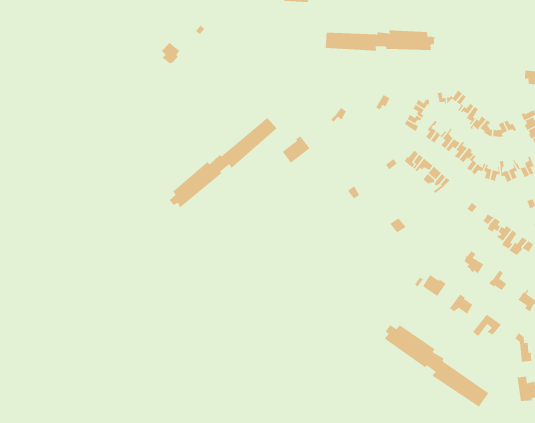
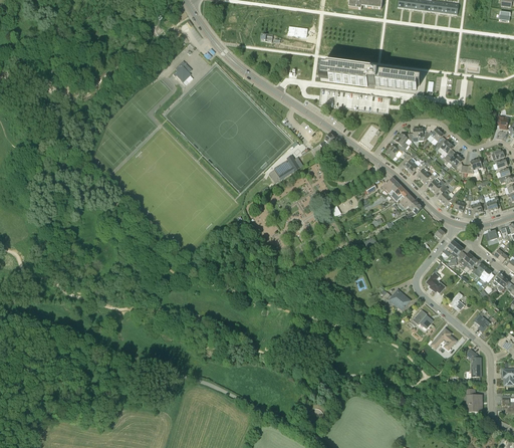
building: [169,117,277,208] -> none
building: [384,324,489,407] -> none

